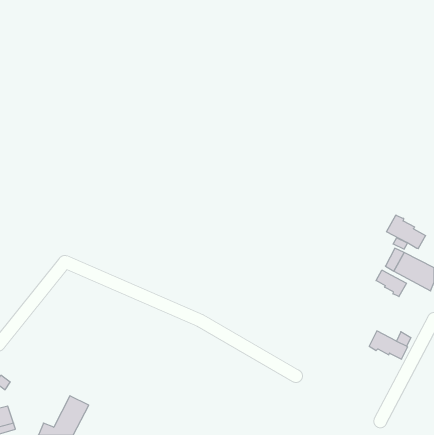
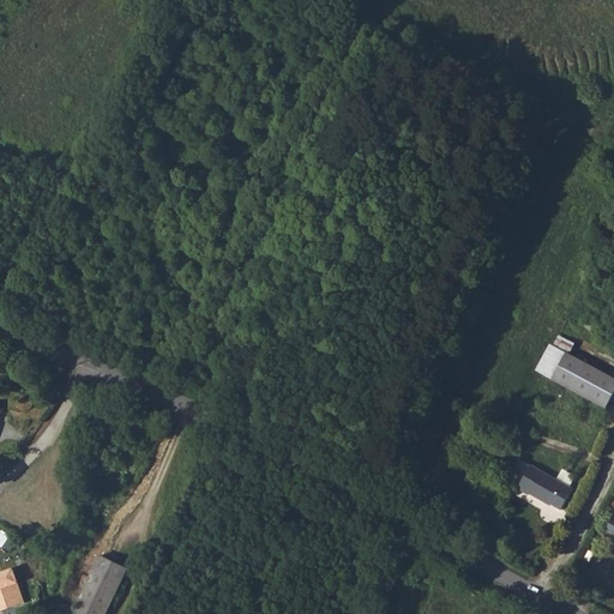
building: [387,215,426,249] -> none
building: [376,270,406,297] -> none

